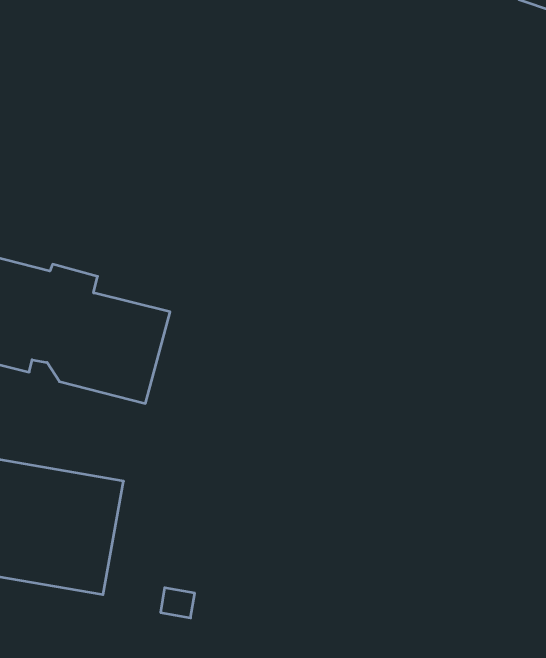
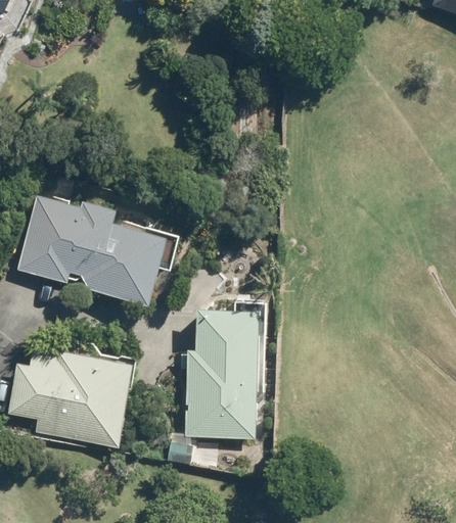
building: none -> [183,306,264,441]

